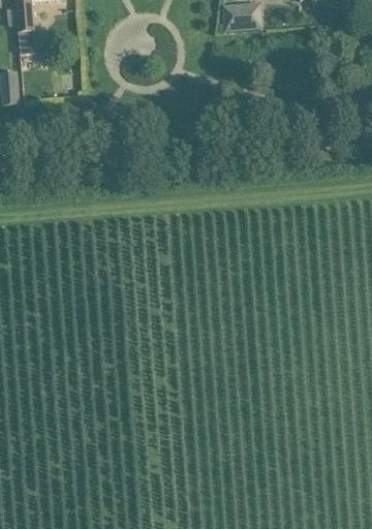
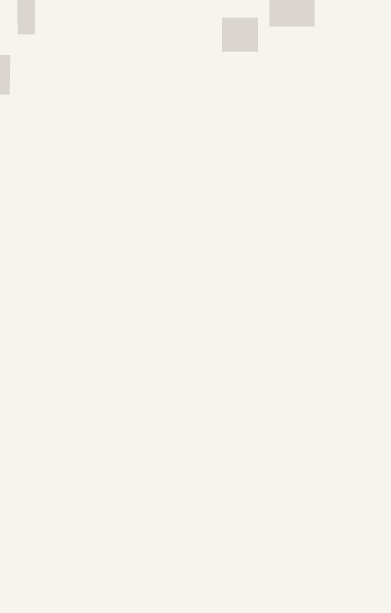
building: none -> [222,17,259,53]

